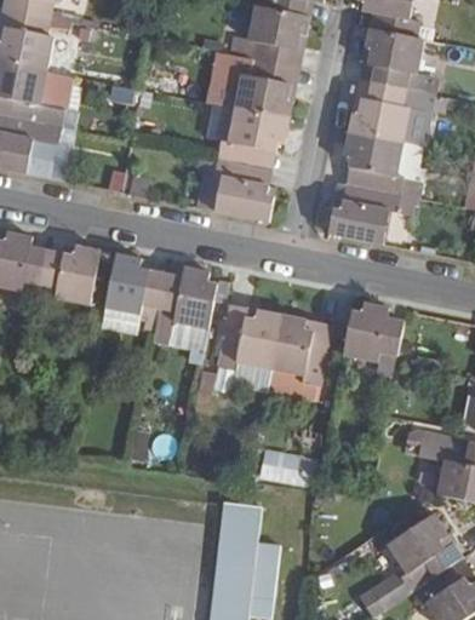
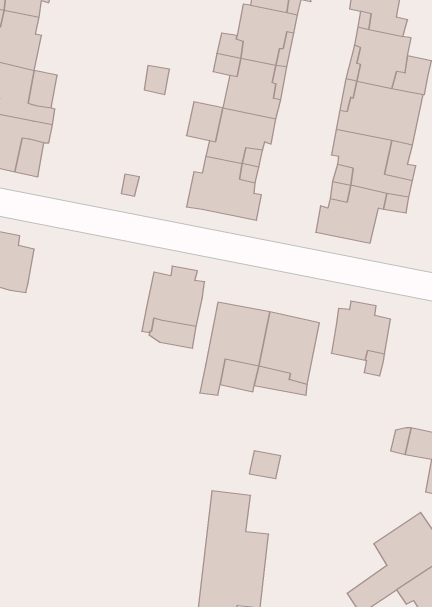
building: [38,246,101,305] -> none
building: [107,254,166,333] -> none

